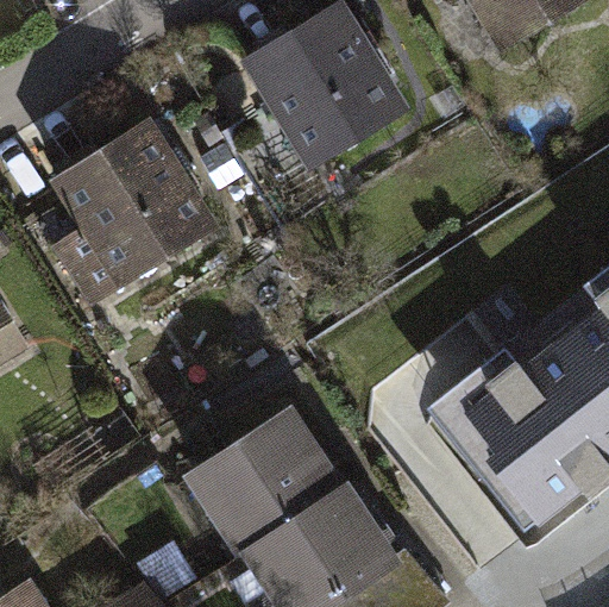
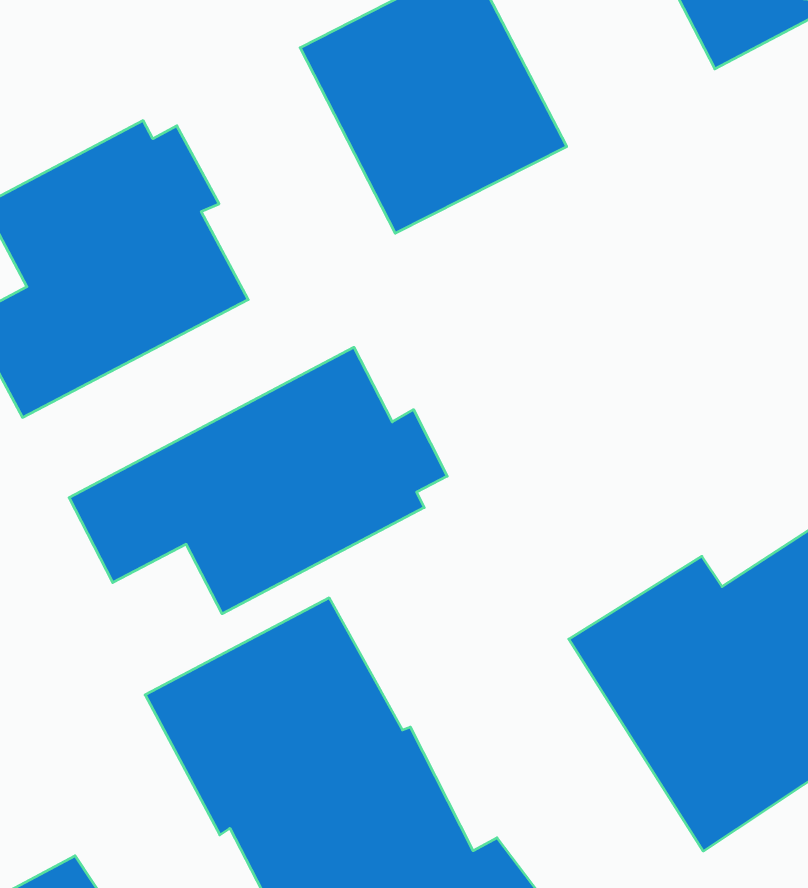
building: none -> [69,347,447,614]

